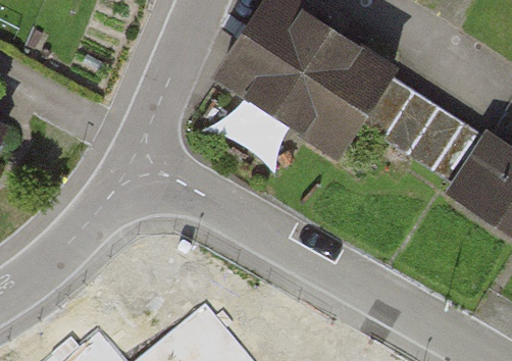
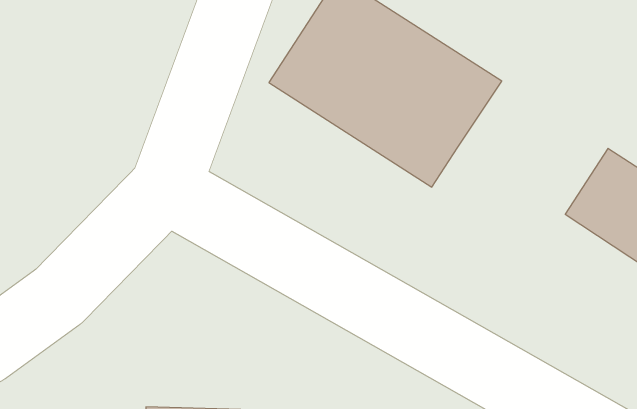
building: [367,85,485,190] -> none

